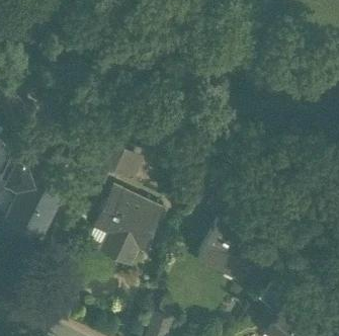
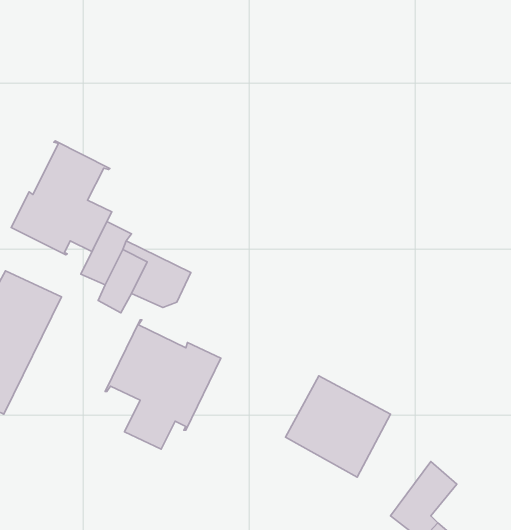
building: none -> [11,141,112,255]

